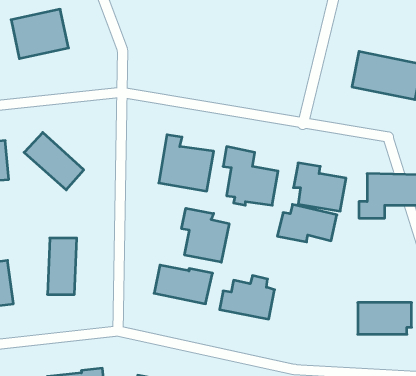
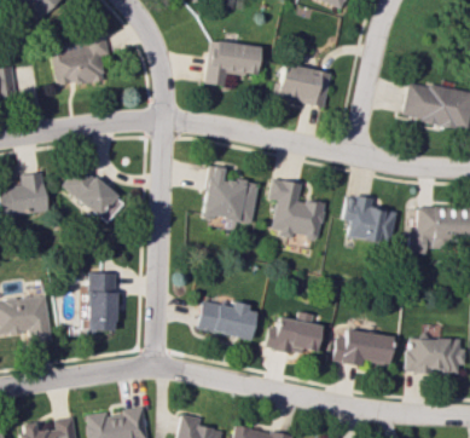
building: none -> [205,40,261,86]
building: none -> [278,63,331,106]
building: [277,204,337,242] -> [332,328,394,367]
building: [182,208,229,262] -> none

